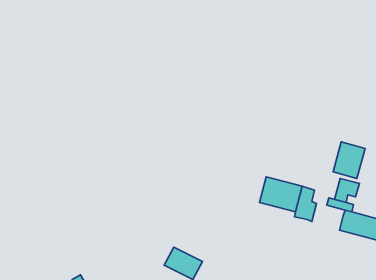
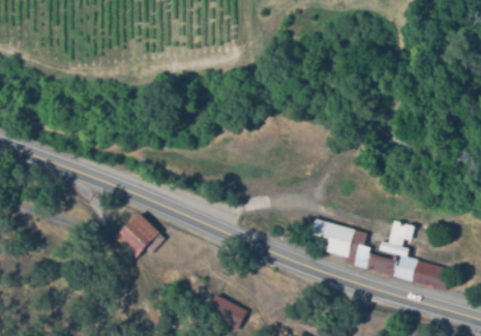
building: [333,142,365,178] -> none
building: none -> [115,214,164,258]
building: none -> [365,253,399,276]

